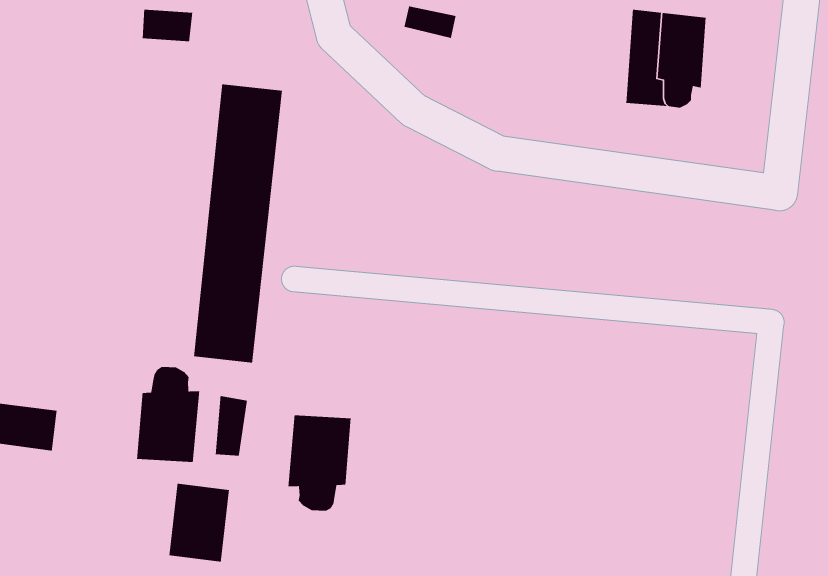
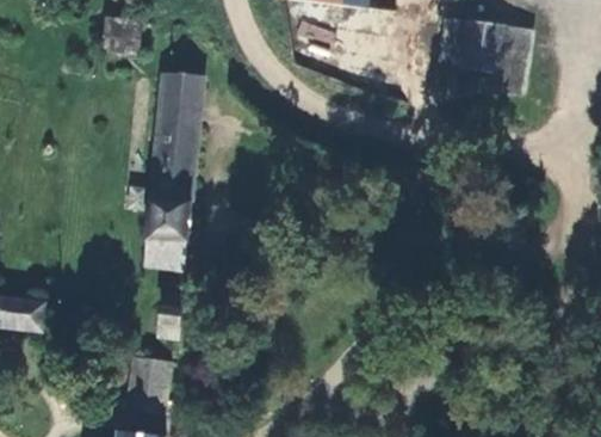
building: none -> [491,24,529,93]
building: [136,366,200,463] -> none
building: [287,415,352,511] -> none

